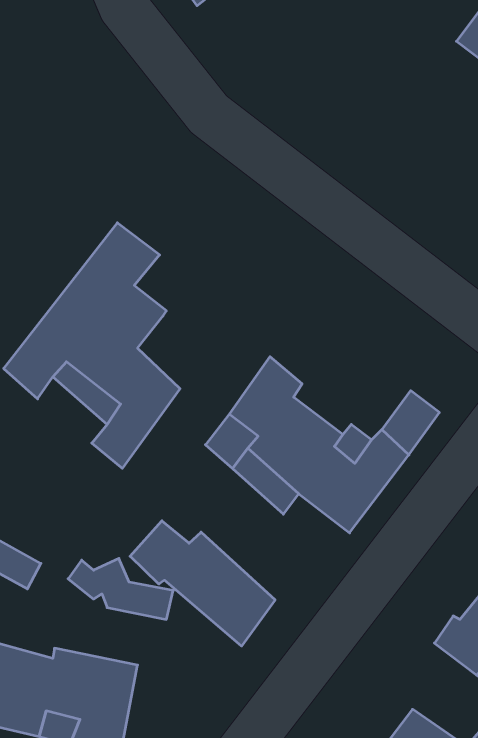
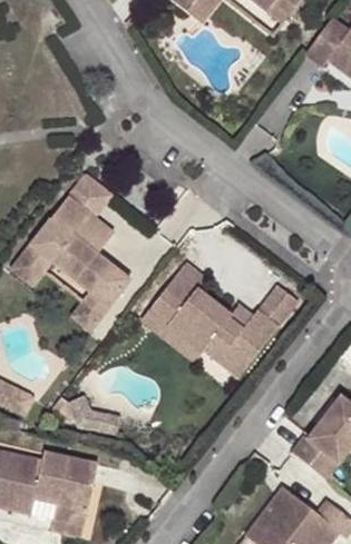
building: [130,521,275,646] -> none

